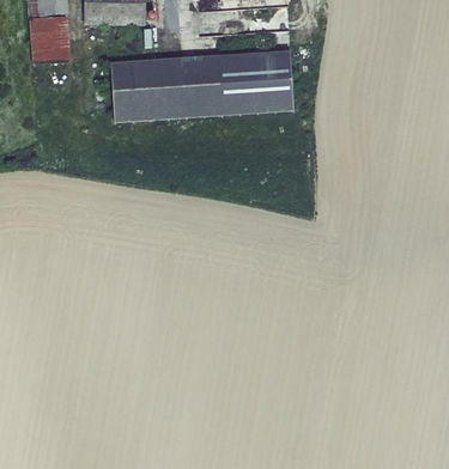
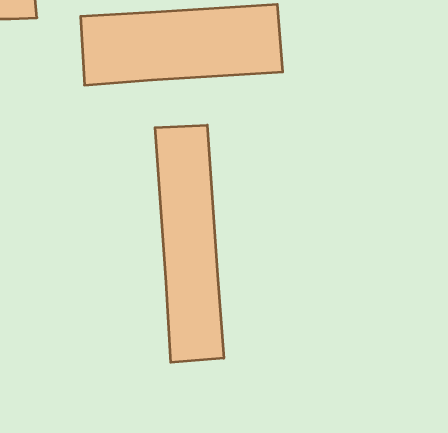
building: none -> [155,125,224,362]

